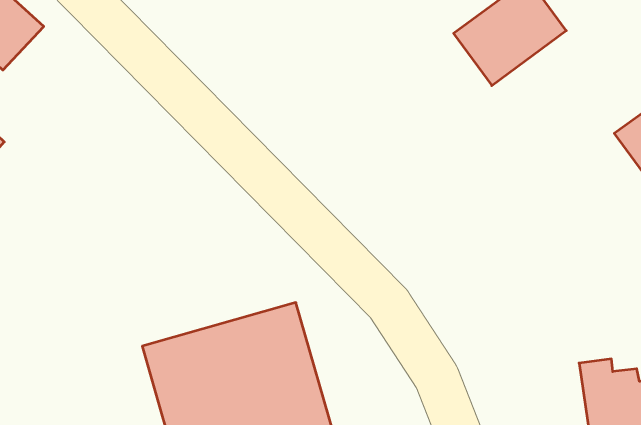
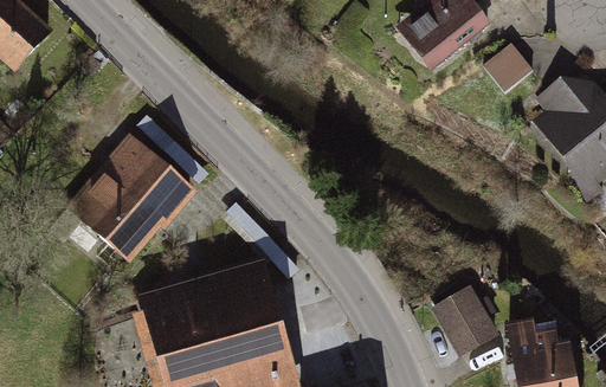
building: none -> [492,43,540,86]
building: none -> [64,133,194,263]
building: none -> [432,283,499,354]

